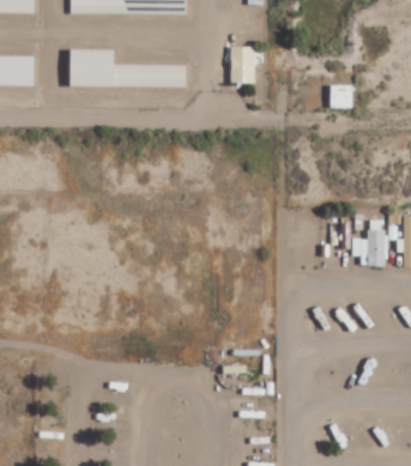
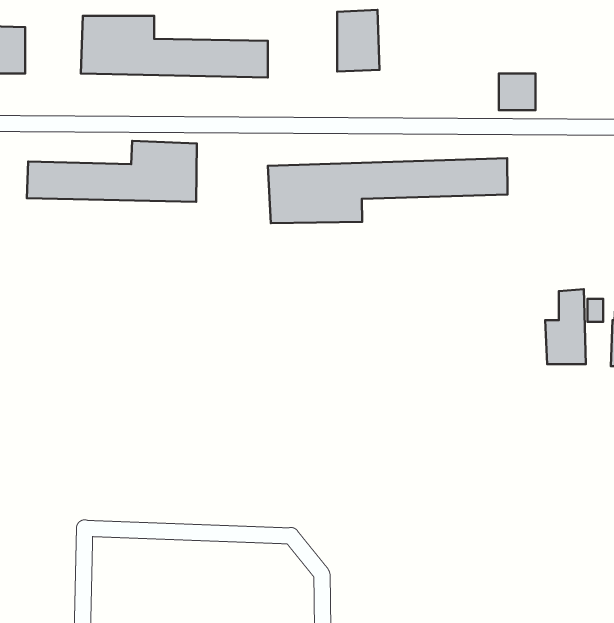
building: none -> [27,141,197,202]
building: none -> [268,158,507,223]

